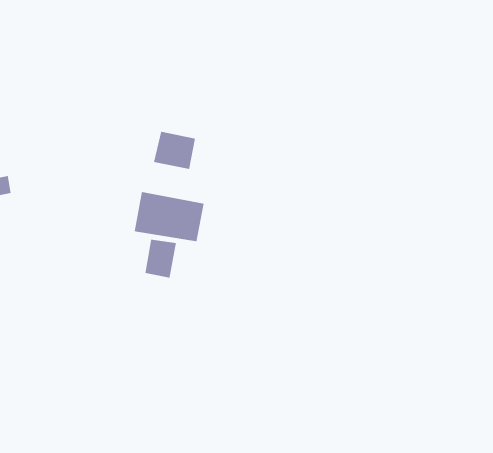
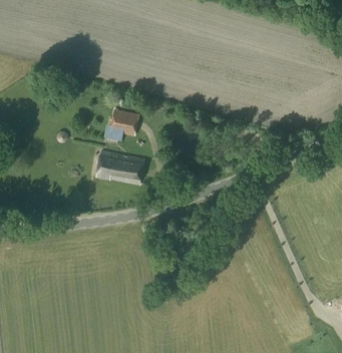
building: [145,239,177,279] -> none

